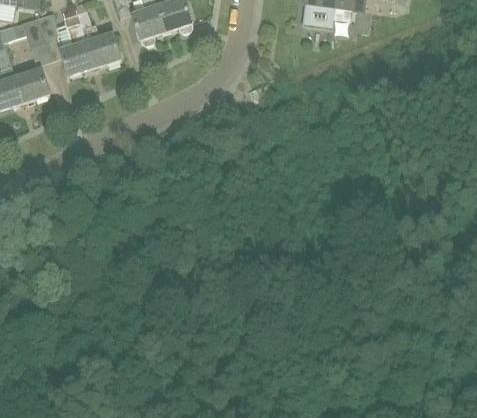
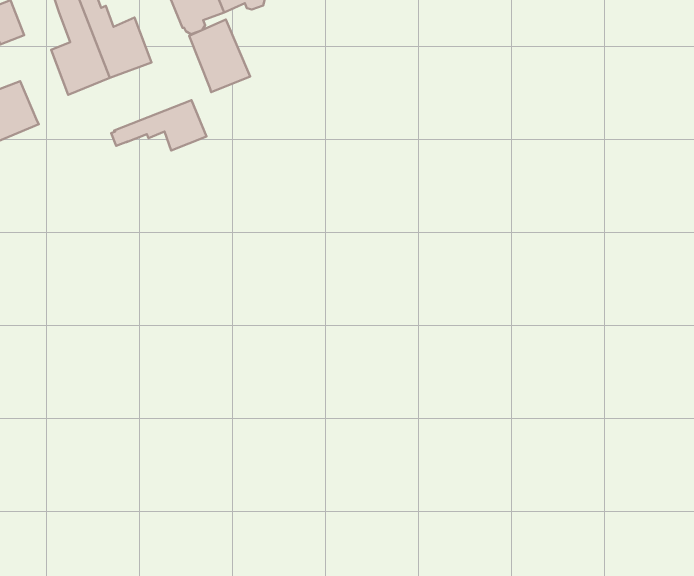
building: none -> [189,20,250,92]
building: none -> [111,100,206,151]

